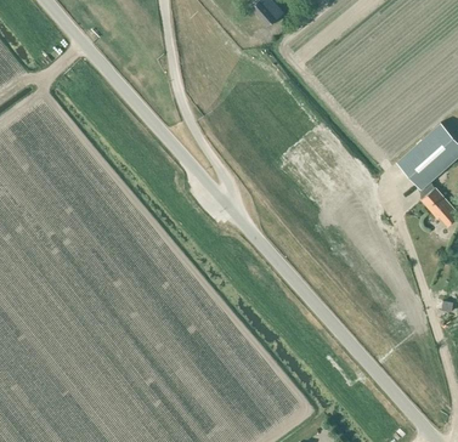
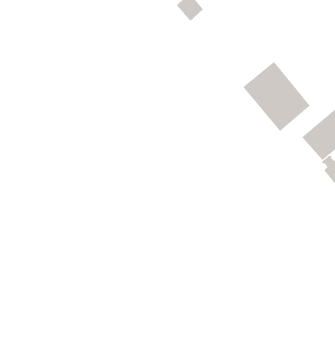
building: none -> [242,61,310,132]

